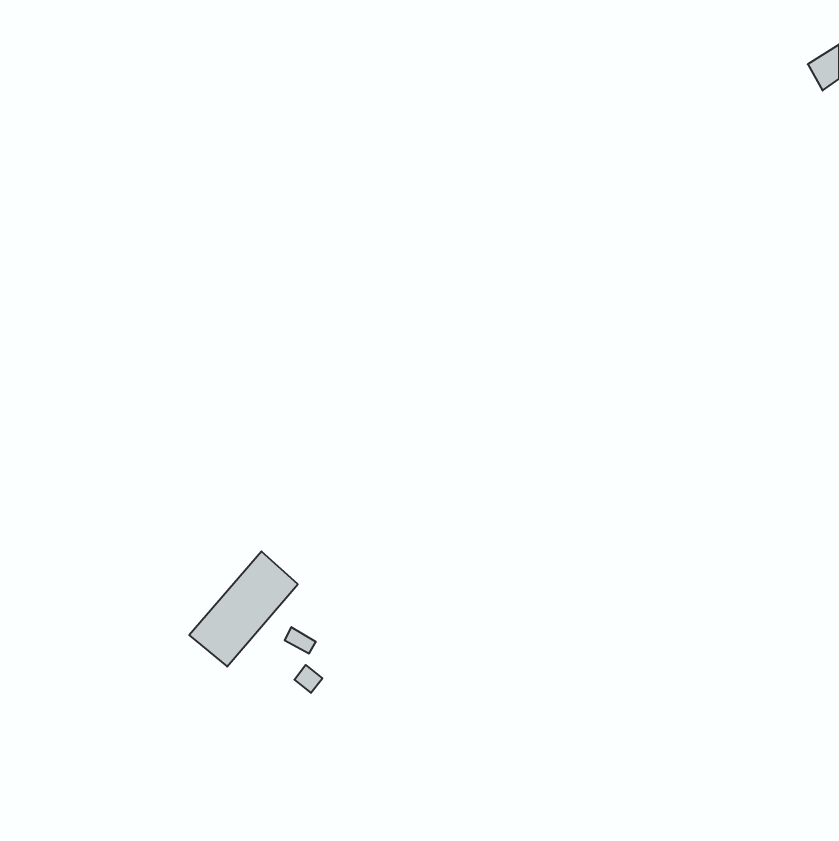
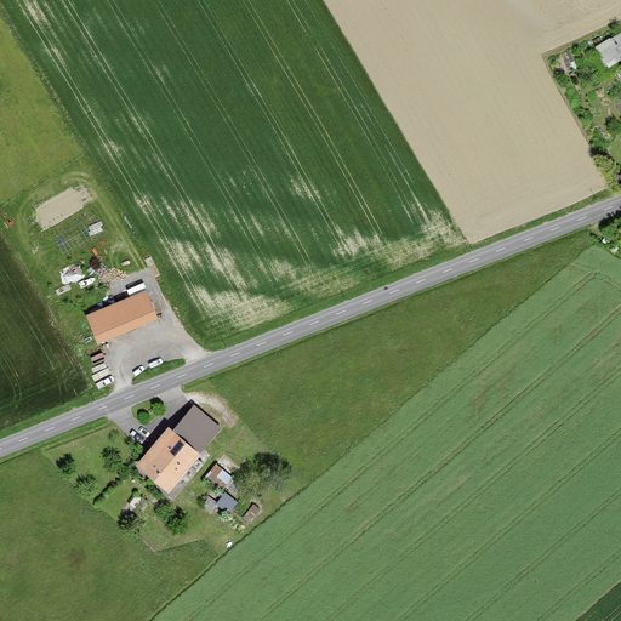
building: none -> [87,292,155,342]

